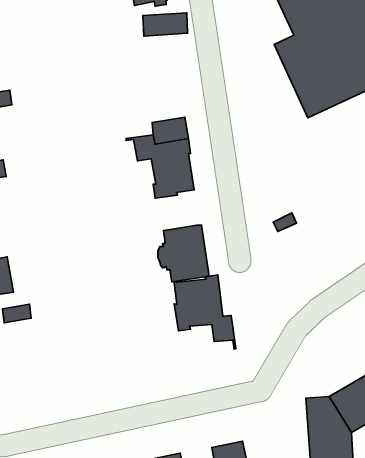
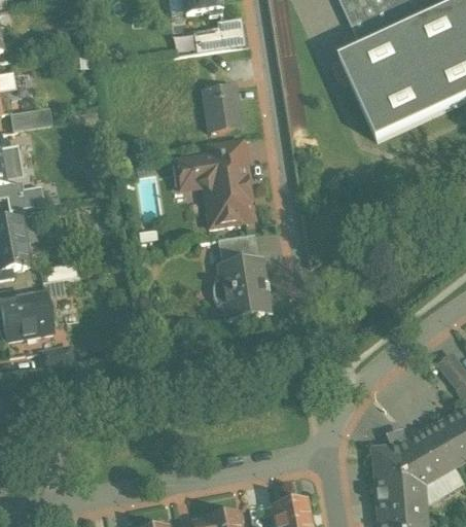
building: none -> [204,84,239,133]
building: none -> [219,234,255,262]
building: [174,275,236,349] -> none

